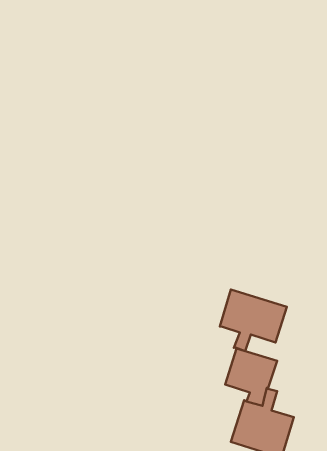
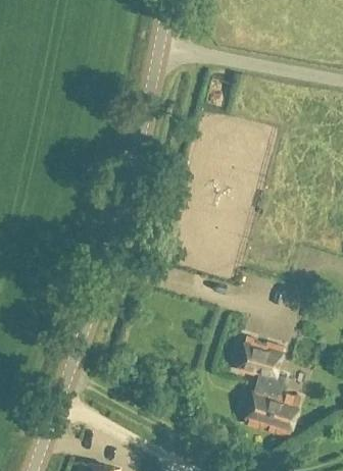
building: [220,289,287,351] -> none

